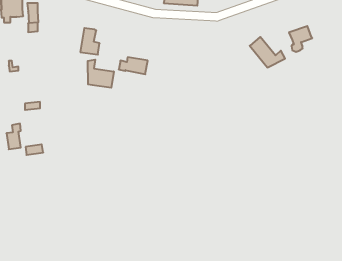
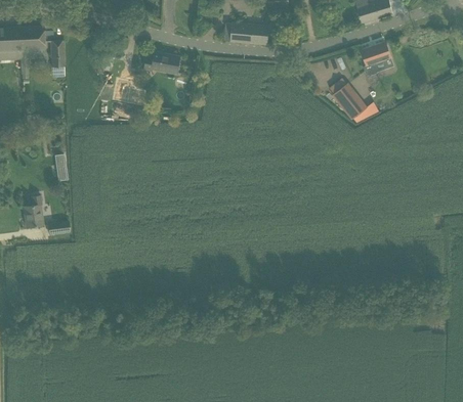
building: [289,26,312,52] -> [361,43,390,76]
building: [119,57,148,74] -> [142,52,179,74]
building: [88,60,114,88] -> none

